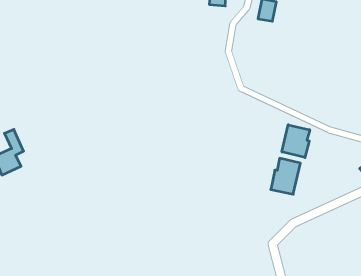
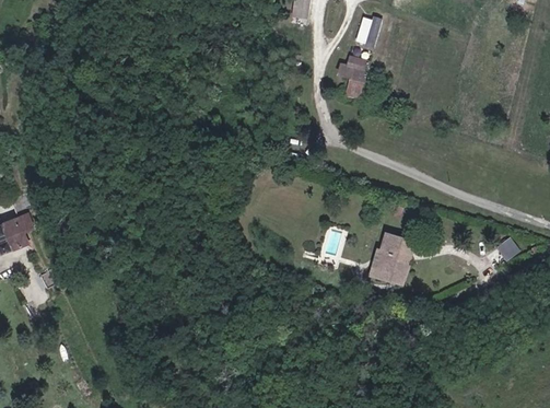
building: none -> [337,57,366,100]
building: [282,125,310,158] -> none

